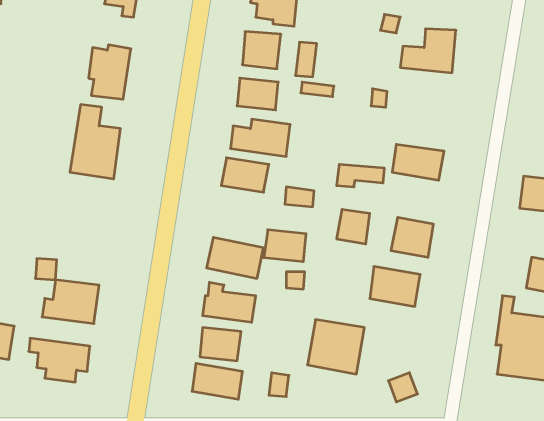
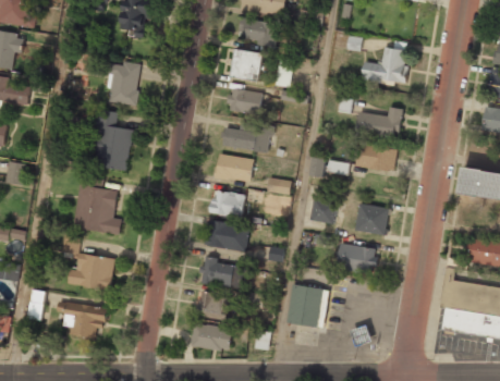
building: none -> [355,108,402,139]
building: none -> [73,176,121,233]
building: [264,230,306,262] -> [210,190,245,217]

